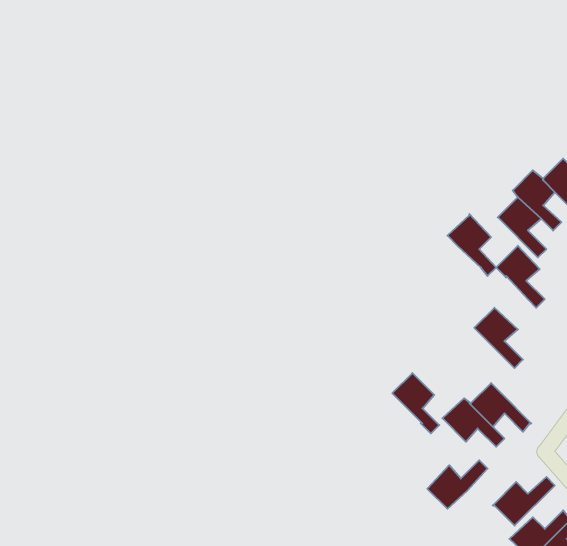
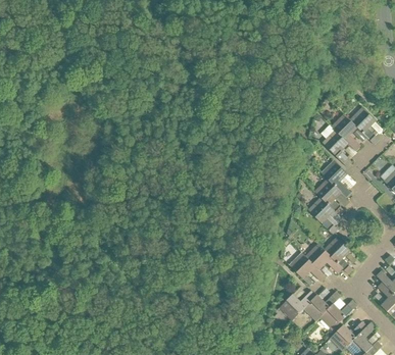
building: [447,214,496,276] -> [314,178,344,215]
building: [392,373,439,433] -> [325,237,353,273]
building: none -> [304,291,341,320]

